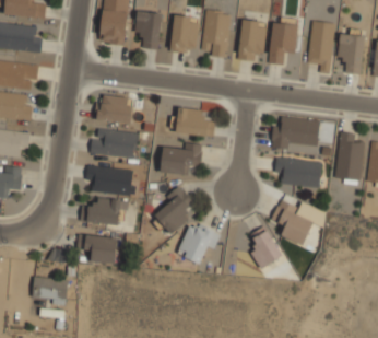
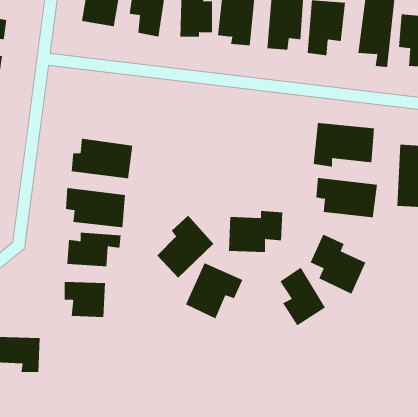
building: [99,94,132,121] -> none
building: [175,106,216,137] -> none
building: [161,142,202,174] -> [228,211,283,252]

